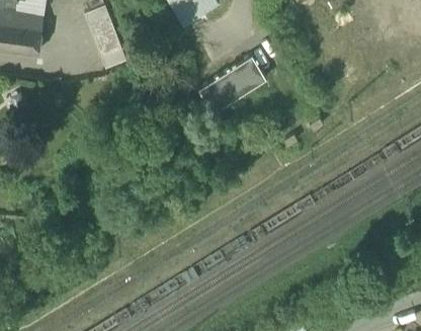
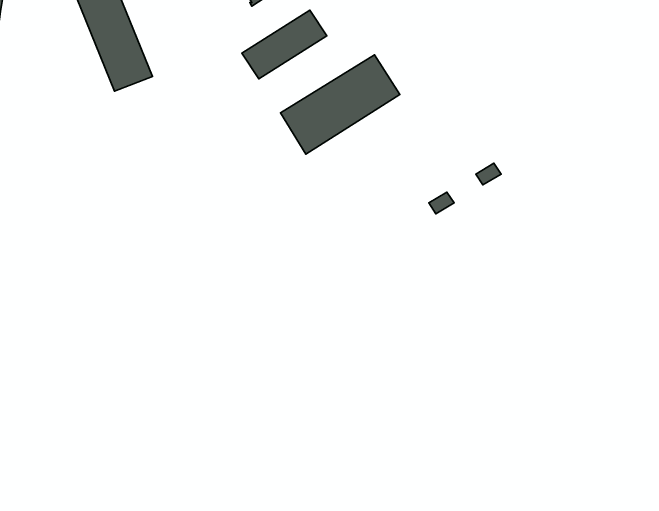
building: none -> [242,10,327,79]

